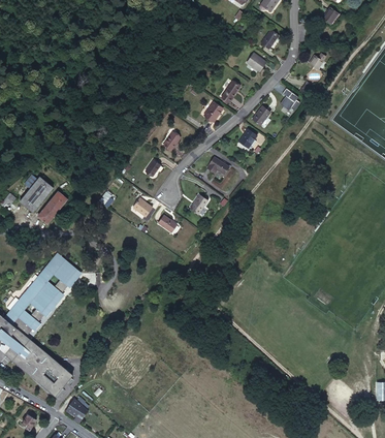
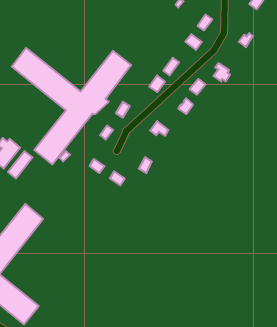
building: none -> [12,48,131,164]

